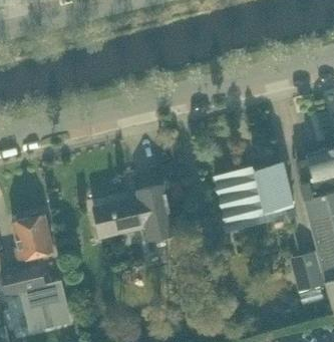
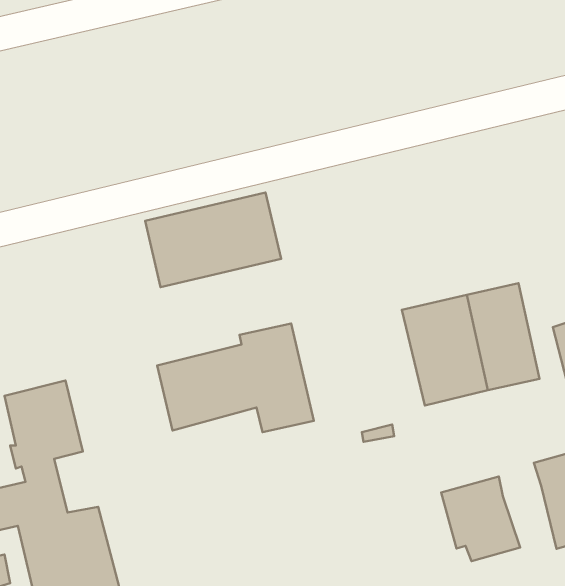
building: none -> [145,192,281,287]
building: none -> [441,476,520,561]

